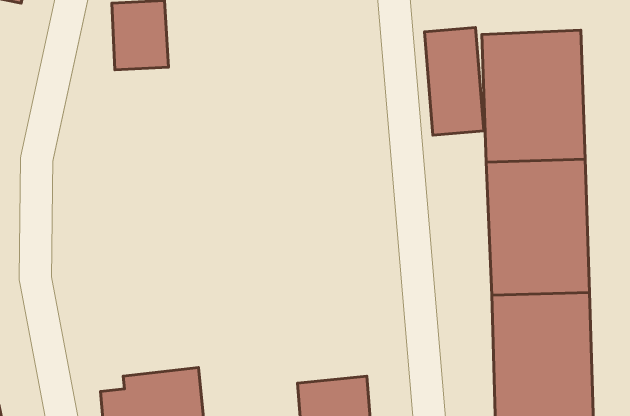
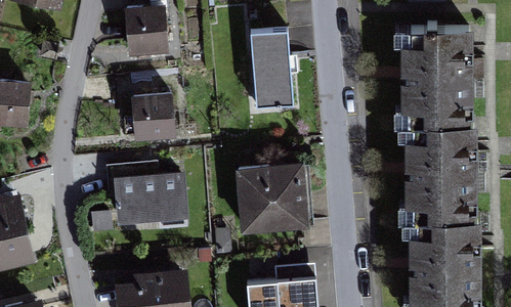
building: [424,28,484,135] -> [250,32,293,109]
building: none -> [130,94,176,142]
building: none -> [238,163,308,233]
building: none -> [115,174,193,223]

